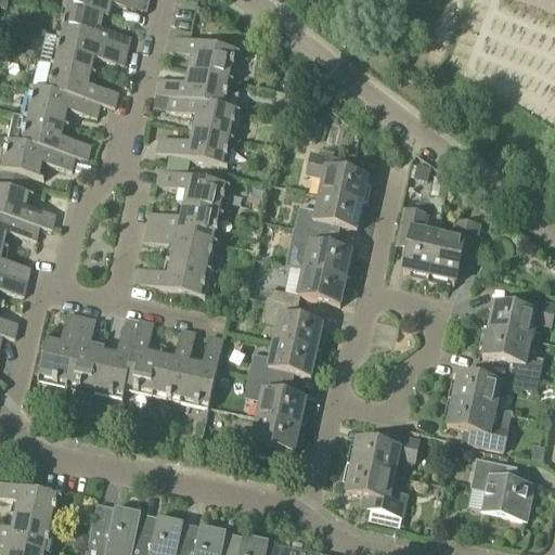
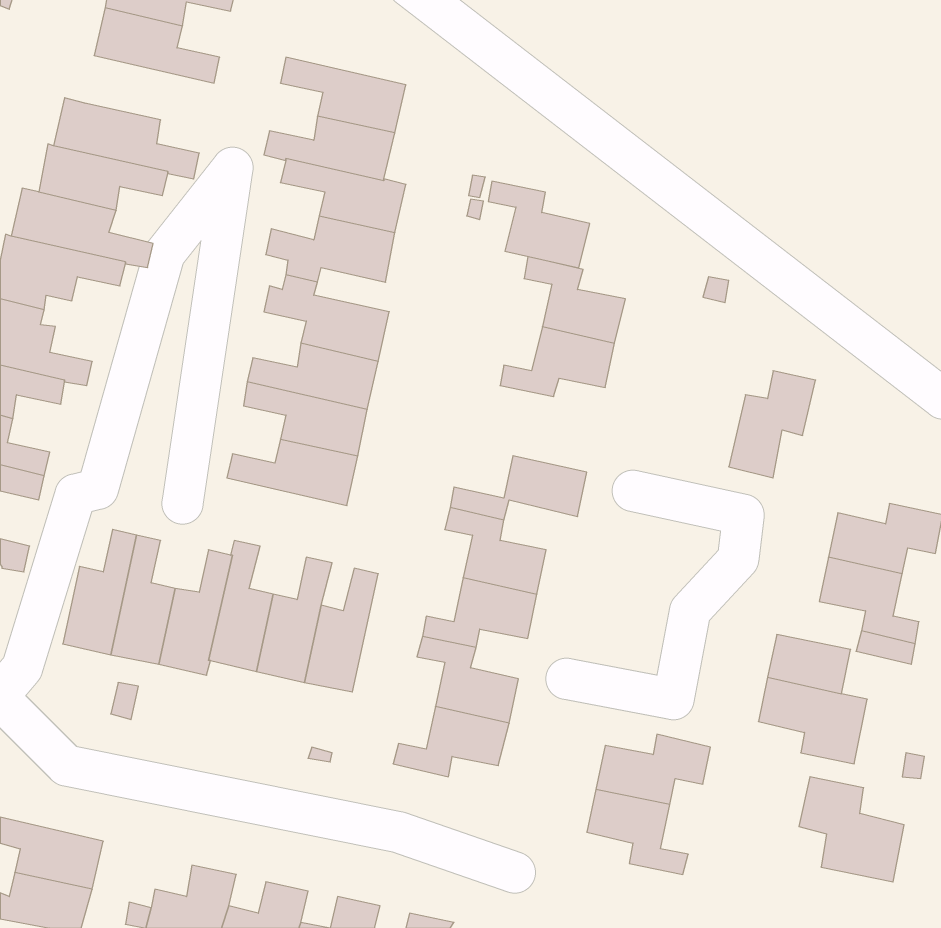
building: [51,33,127,70] -> none
building: [398,207,439,274] -> none
building: [293,227,352,278] -> [488,181,590,268]

